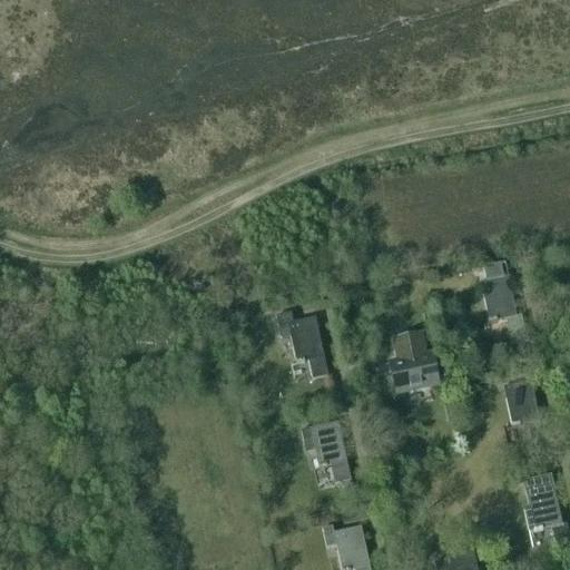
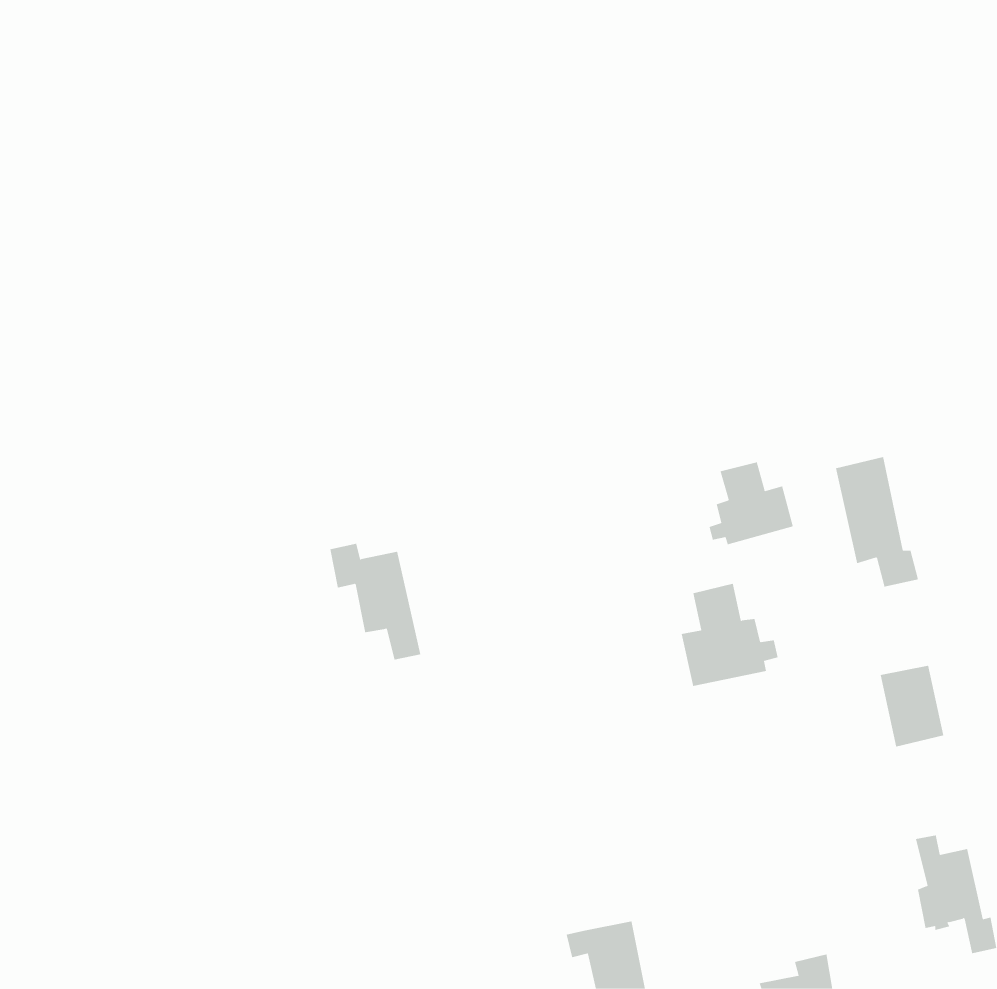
building: none -> [709,461,794,545]
building: [275,312,327,379] -> [329,543,421,660]
building: [301,421,350,483] -> none

